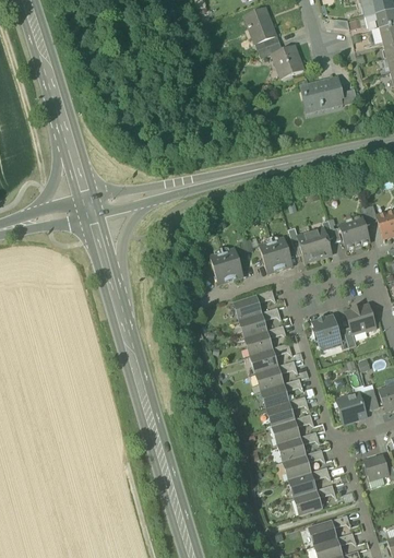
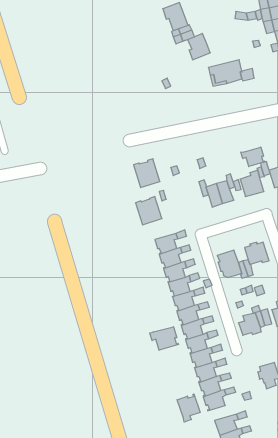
building: none -> [241,147,265,167]
building: [259,237,291,273] -> [134,159,160,188]
building: none -> [150,327,179,350]
building: none -> [177,394,200,422]

